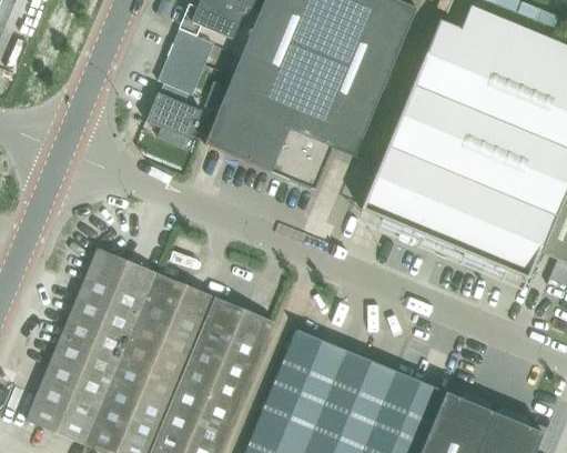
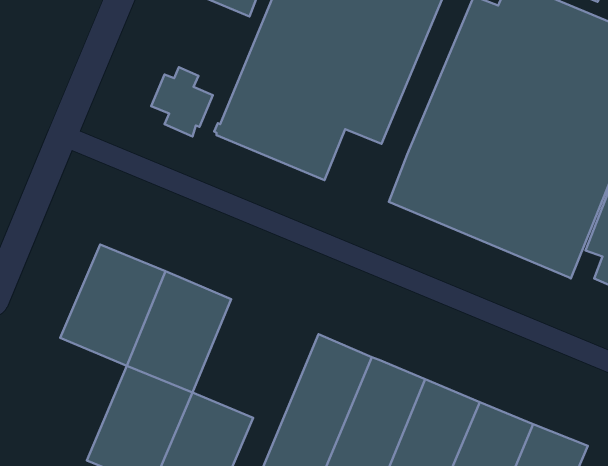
building: [158,30,213,95] -> none
building: [182,298,273,406] -> none
building: [26,333,122,445] -> none

